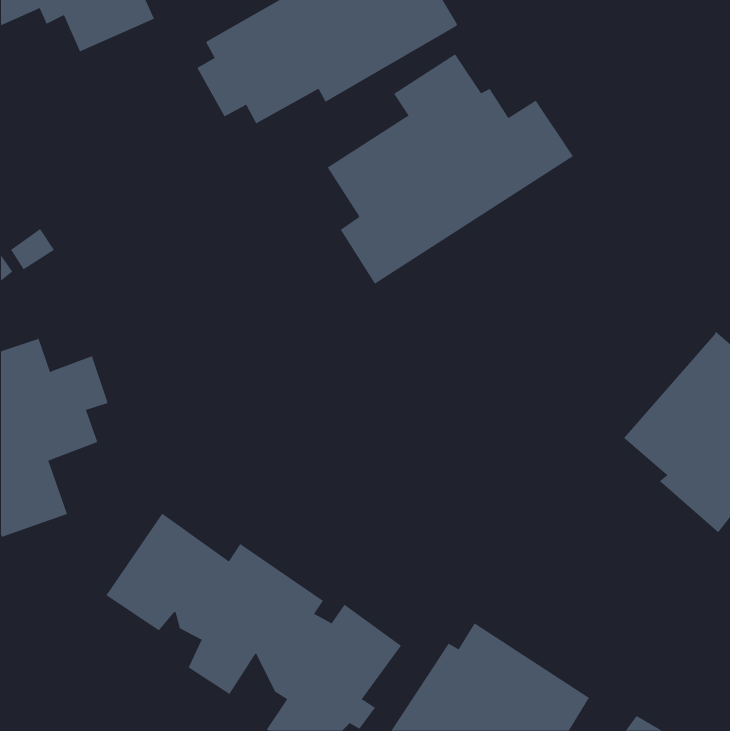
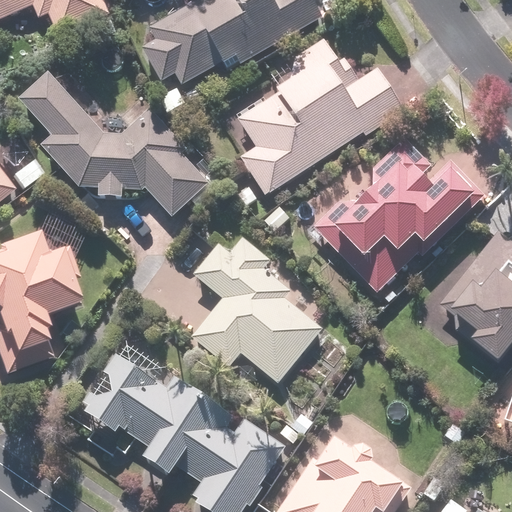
building: none -> [17,73,210,217]
building: none -> [315,137,483,292]
building: none -> [189,239,322,381]

